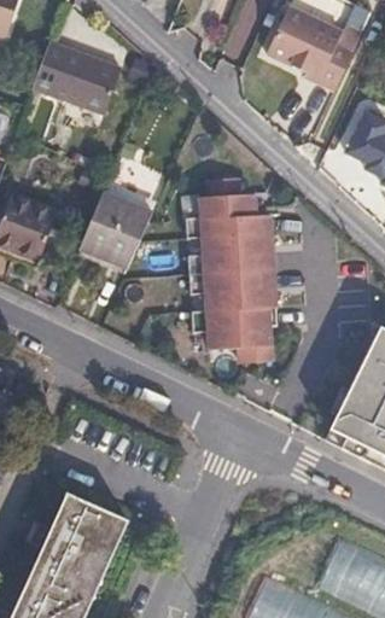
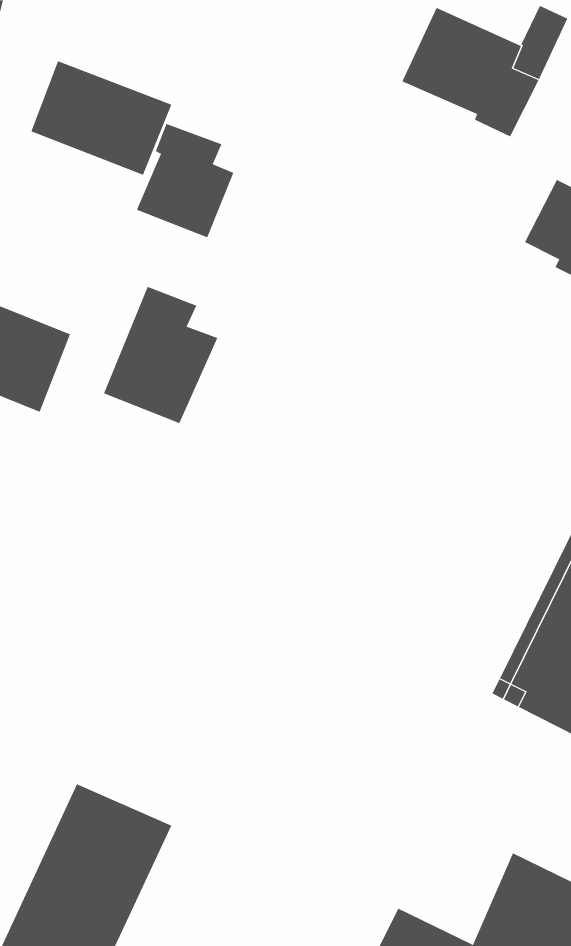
building: none -> [136,123,235,238]
building: [187,176,279,362] -> none

